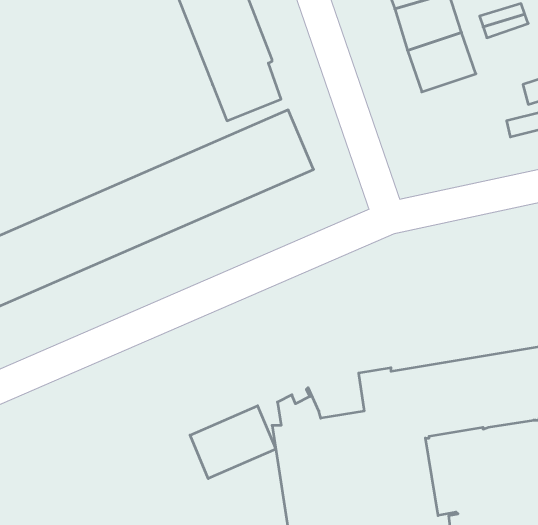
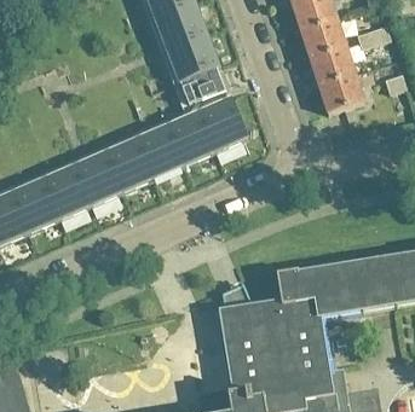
building: none -> [318,71,363,111]
building: [190,406,276,479] -> none

